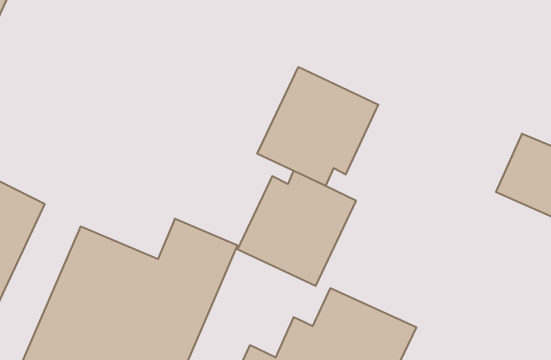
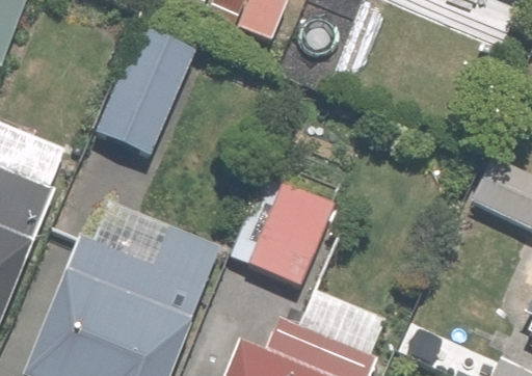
building: none -> [92,28,194,156]
building: [257,67,378,186] -> none

